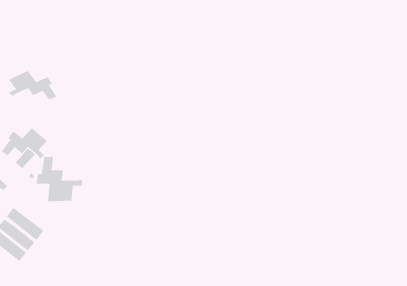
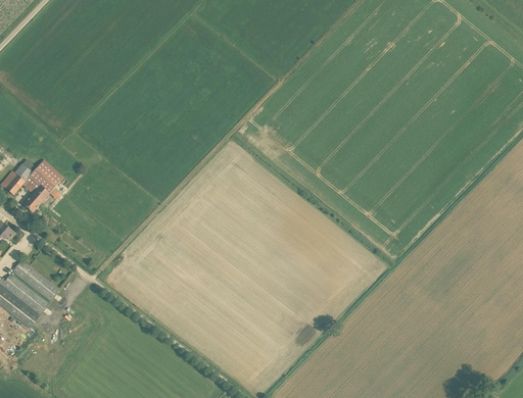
building: [8,70,57,100] -> none
building: [36,156,82,202] -> none

